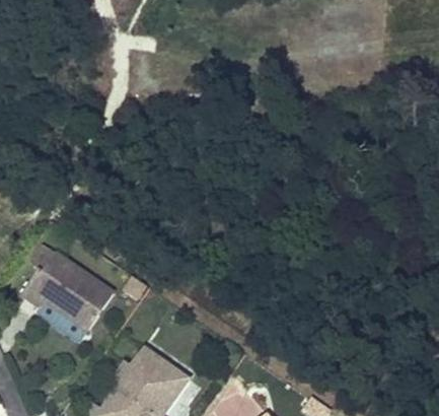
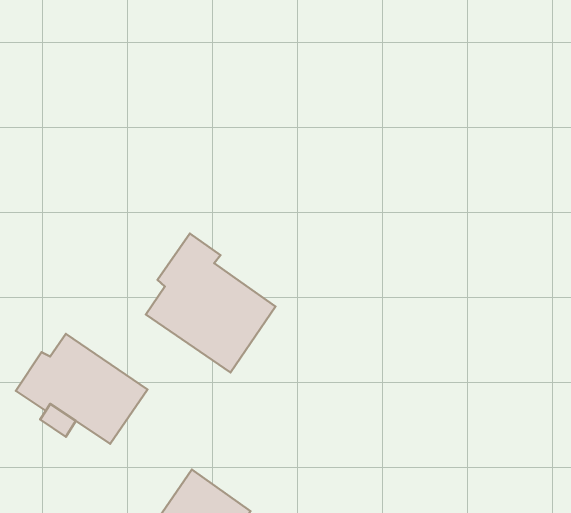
building: none -> [146,234,276,372]

